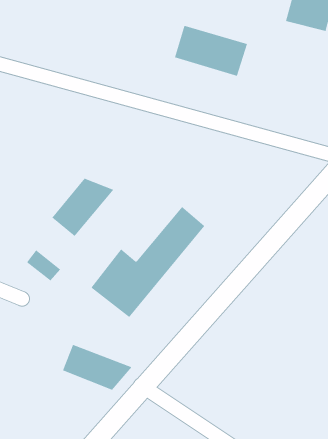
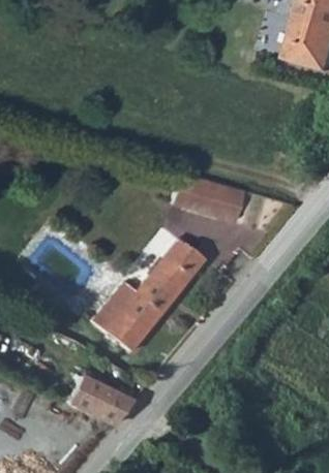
building: [174,25,248,77] -> [170,170,242,221]
building: [51,178,114,237] -> none

